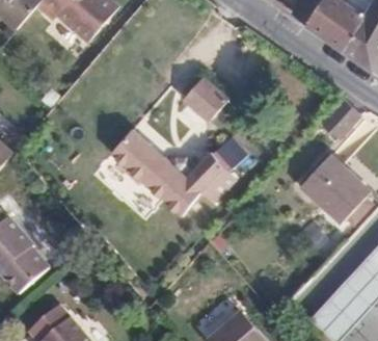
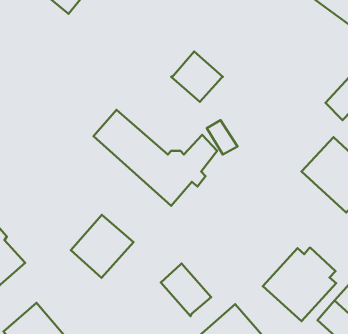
building: none -> [71,215,133,278]
building: none -> [263,248,336,321]
building: none -> [161,263,211,316]

